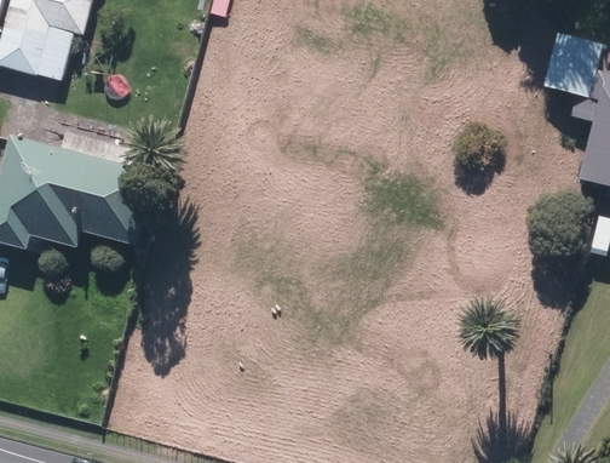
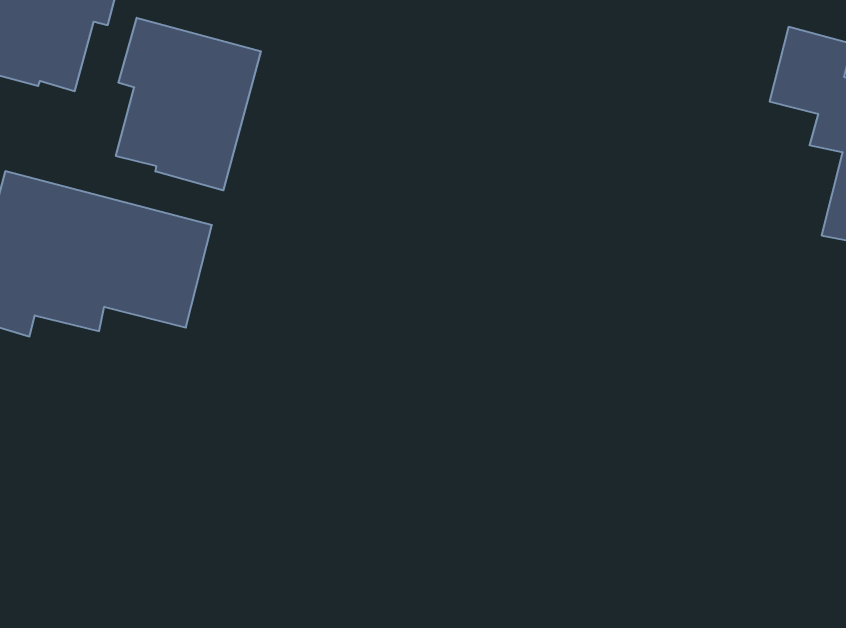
building: none -> [116,18,261,190]

